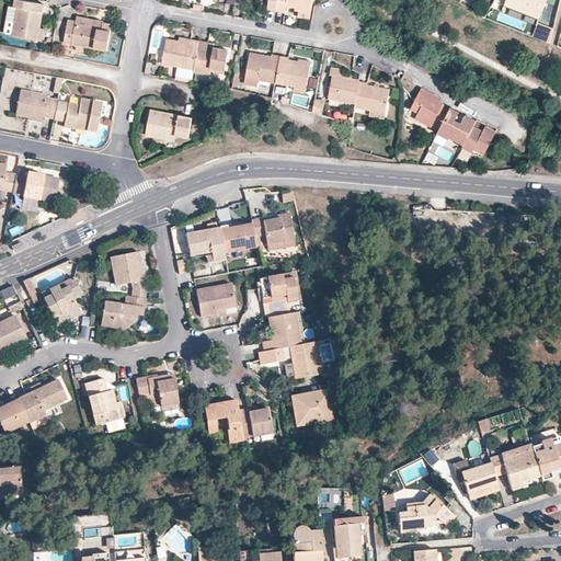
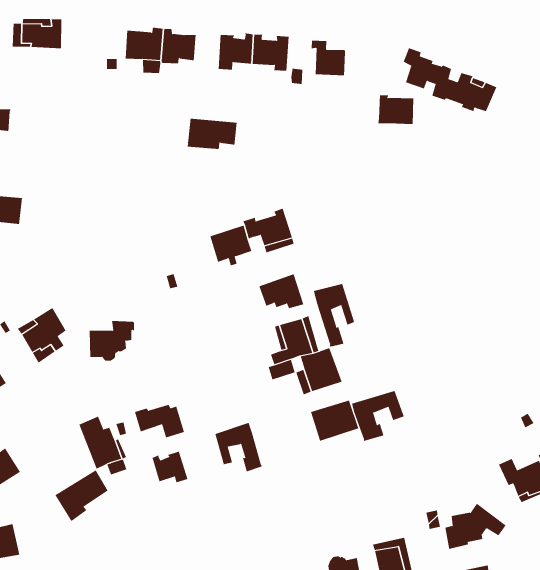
building: [355,81,390,111] -> [377,95,414,125]
building: [54,98,101,130] -> none
building: [147,110,194,140] -> [187,118,237,149]
building: [186,228,226,263] -> none
building: [111,251,145,298] -> none
building: [196,284,237,317] -> none
building: none -> [313,283,355,348]
building: [19,378,67,422] -> [54,469,108,522]
building: none -> [351,390,404,442]
building: [239,408,274,437] -> none
building: none -> [152,451,188,483]

